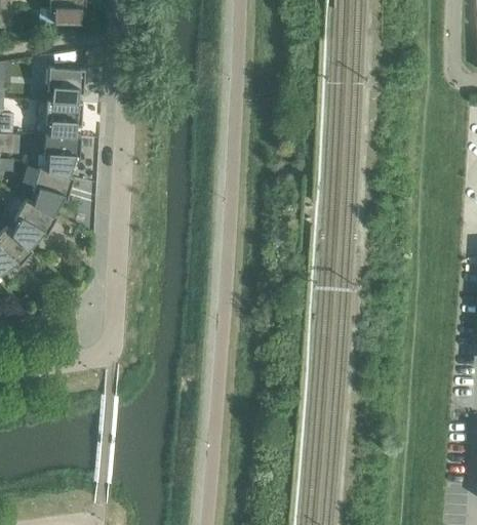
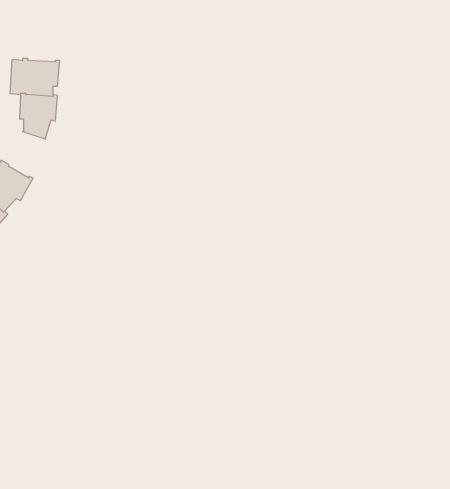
building: [46,68,83,104] -> none
building: [31,167,72,216] -> none

